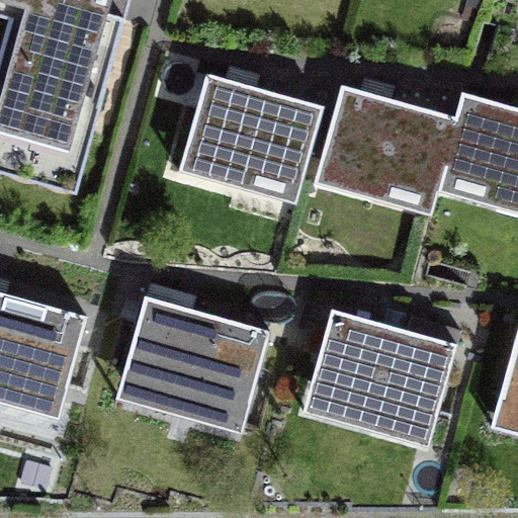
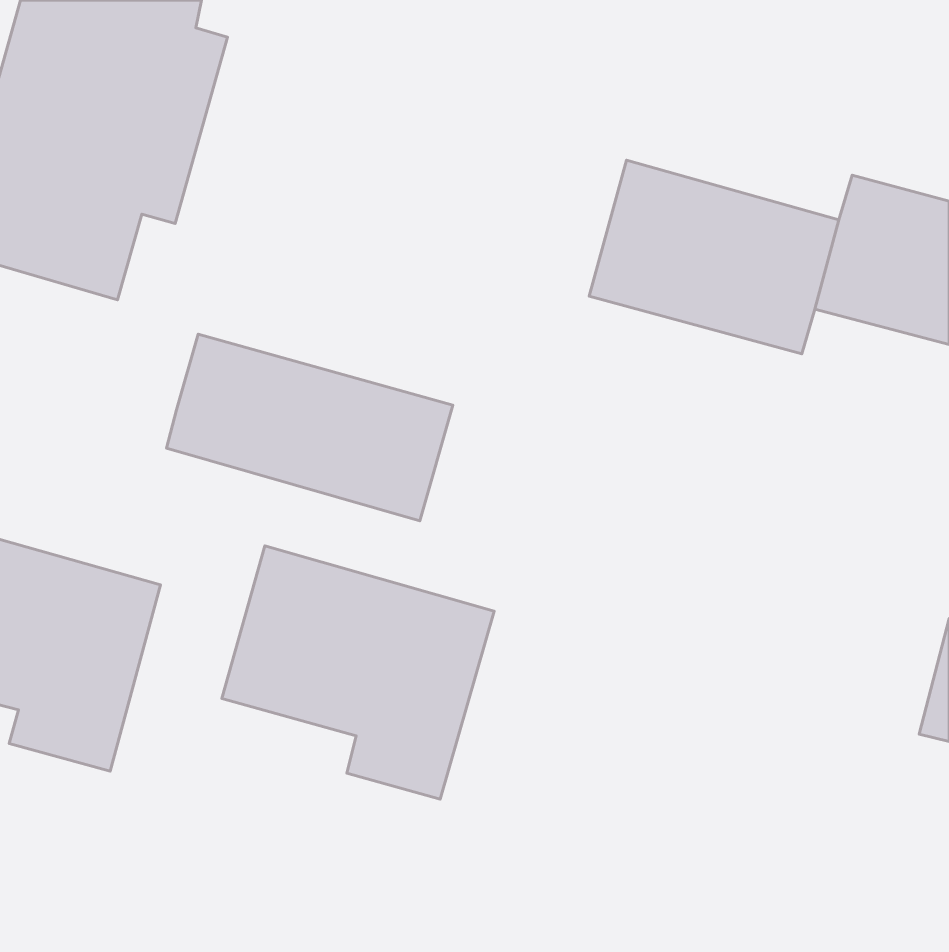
building: [178,74,323,188] -> none
building: none -> [166,334,453,521]
building: [309,310,455,448] -> none

